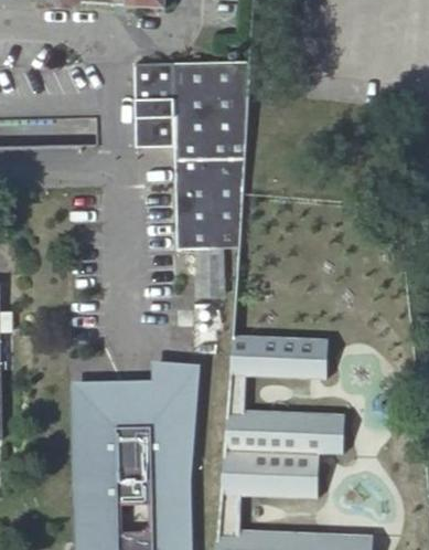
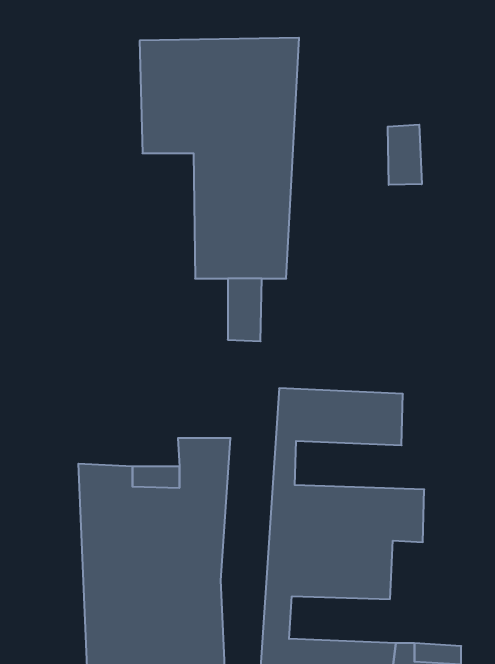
building: none -> [388,125,422,185]

